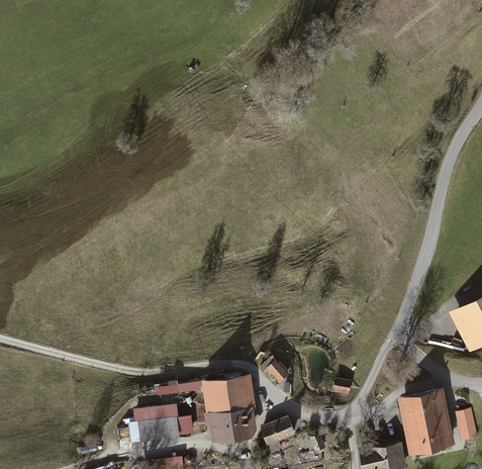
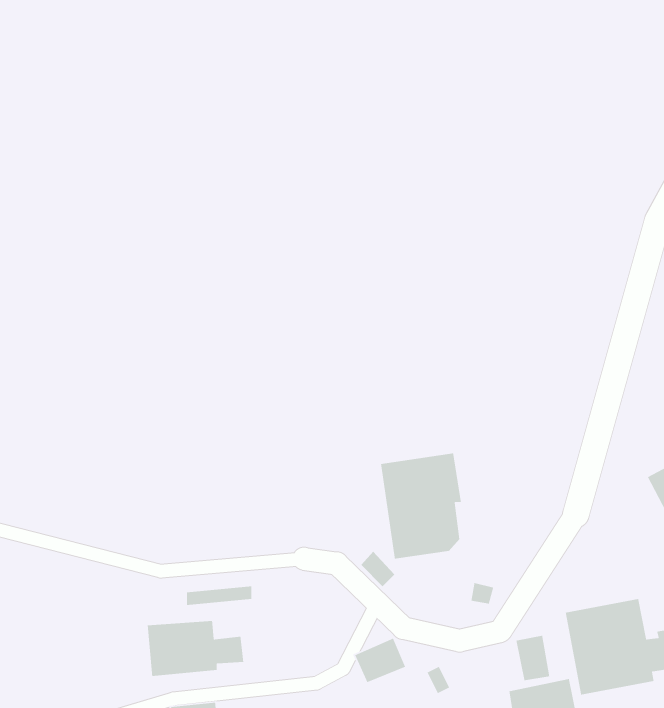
building: [202,373,255,442] -> [380,452,462,559]
building: none -> [515,635,550,681]

